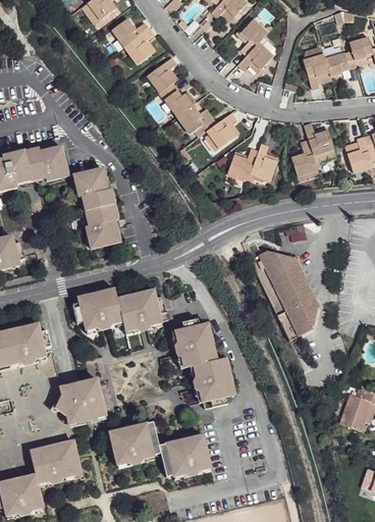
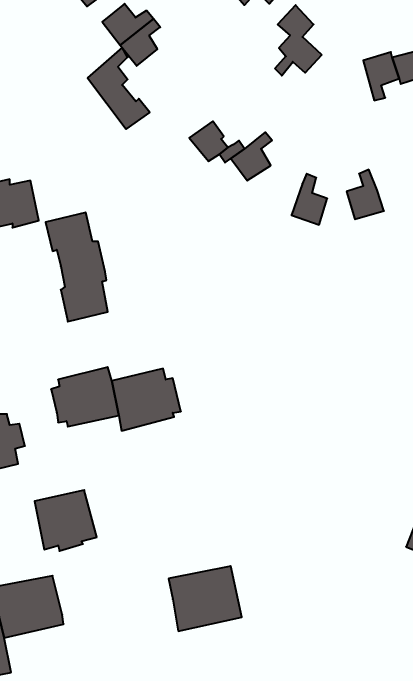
building: [148,56,194,116] -> [88,48,150,129]
building: [305,124,335,155] -> none
building: [228,148,260,180] -> none
building: [239,241,316,343] -> none
building: [172,317,238,406] -> none
building: [111,420,164,466] -> none

